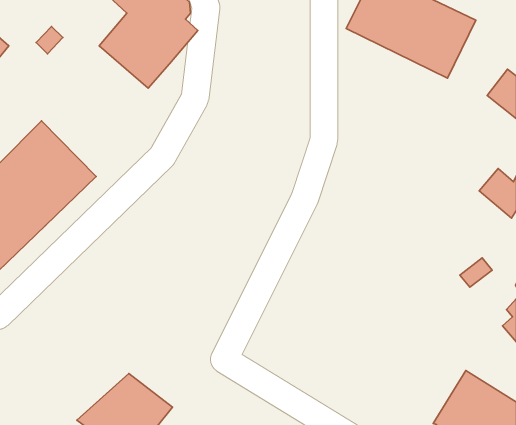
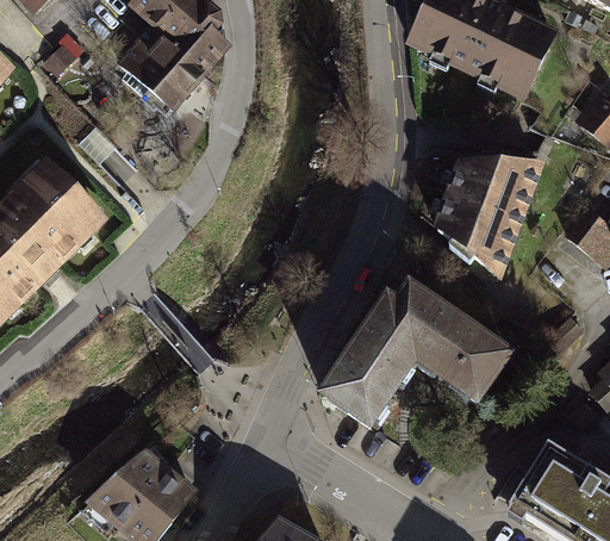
building: none -> [428,157,546,281]
building: none -> [316,286,510,434]

